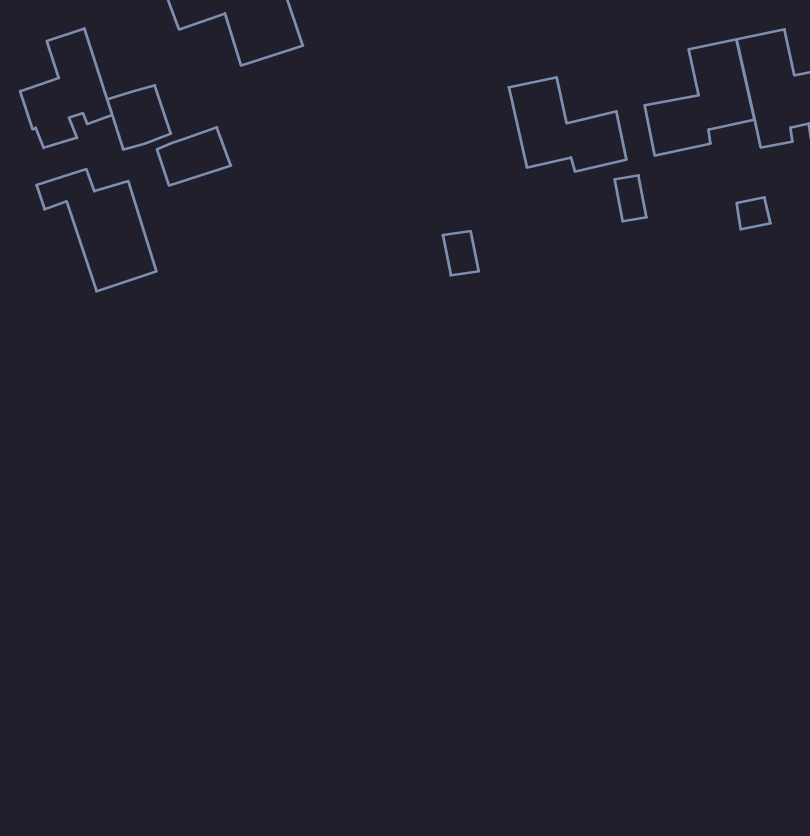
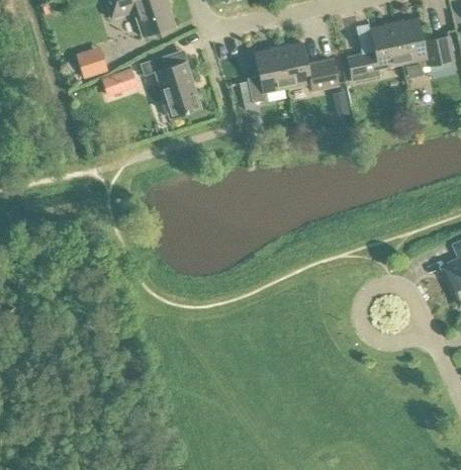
building: [20,28,112,148] -> none
building: none -> [247,48,287,102]
building: [36,169,156,291] -> [140,56,200,117]

